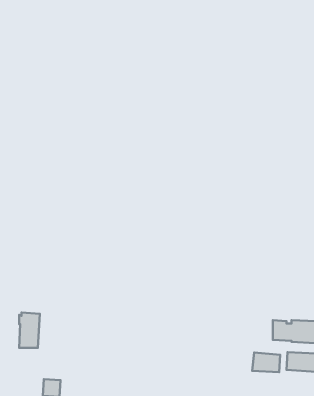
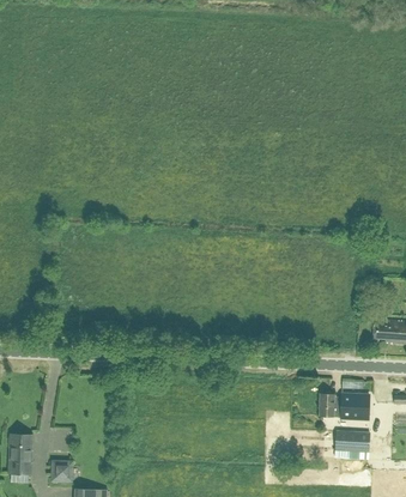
building: [19,313,40,348] -> [8,434,32,474]
building: [252,353,280,372] -> none

